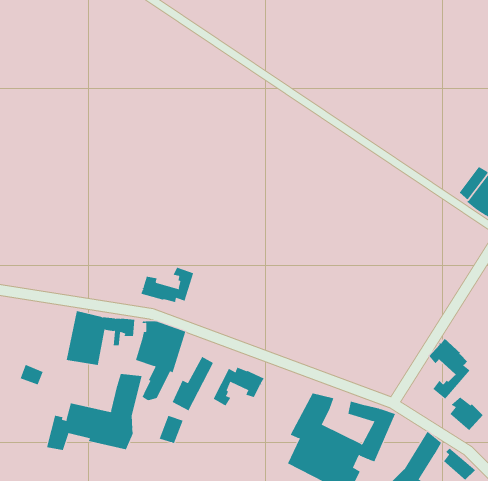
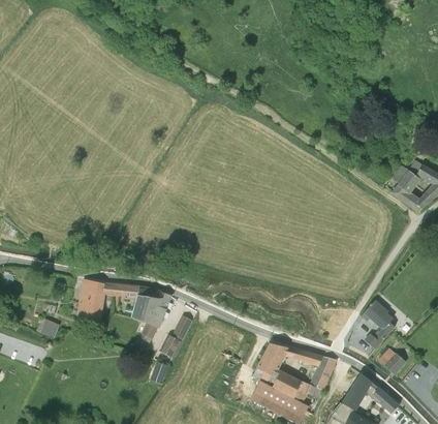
building: [141,267,194,303] -> none
building: [213,367,264,406] -> none
building: [47,373,142,451] -> none

